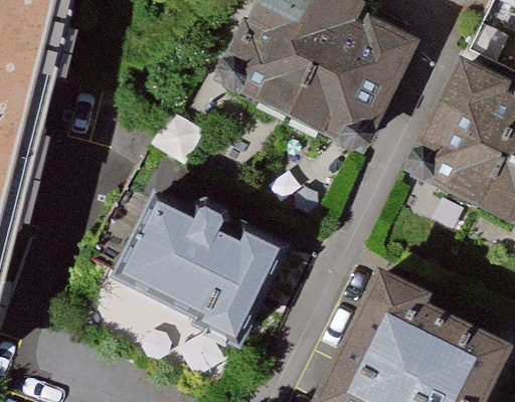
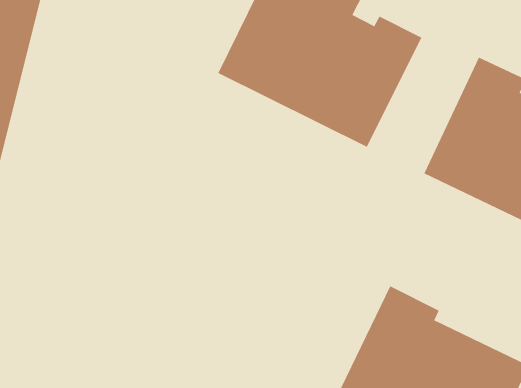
building: [122,202,278,336] -> none

